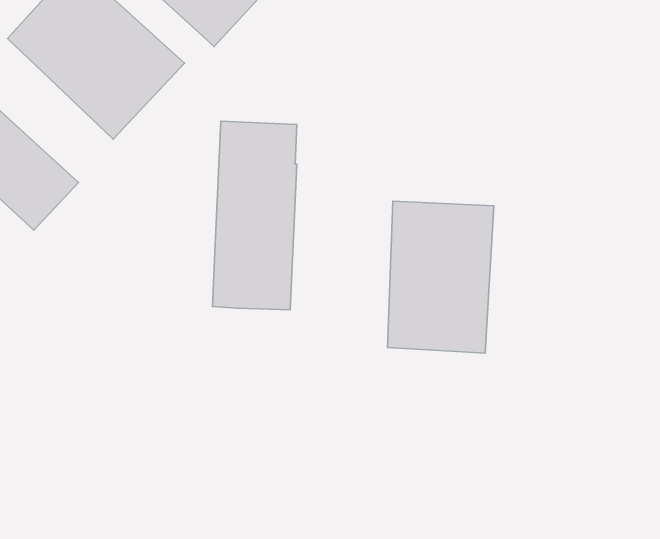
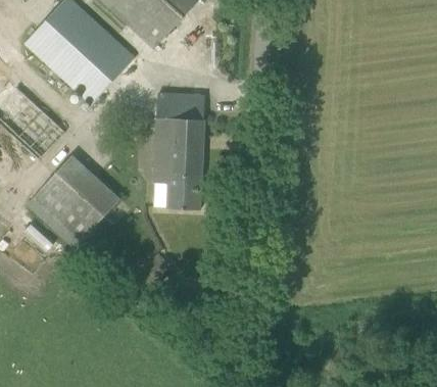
building: [388,201,494,353] -> none
building: none -> [26,154,119,248]

